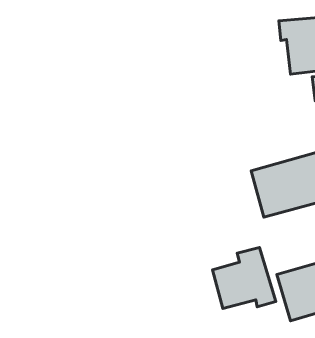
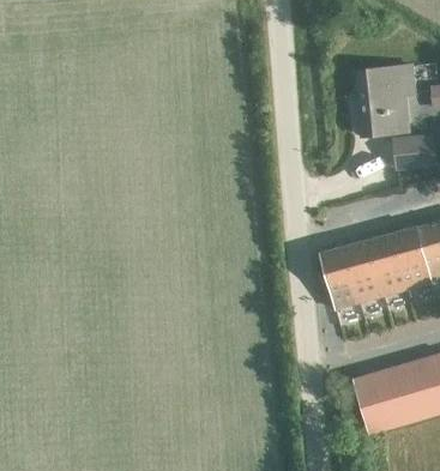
building: [212,247,276,309] -> none

